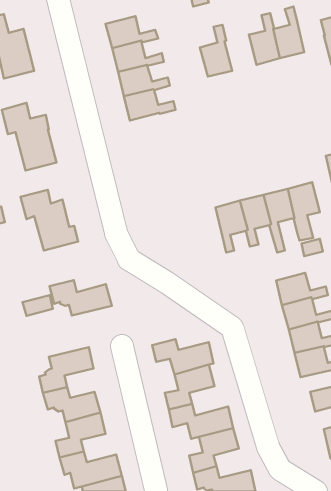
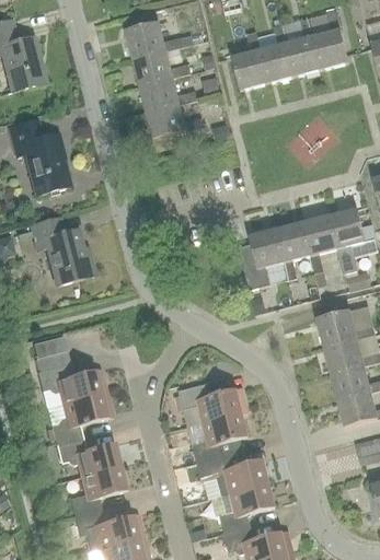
building: none -> [260,24,296,82]
building: [49,280,112,315] -> [37,363,107,402]

